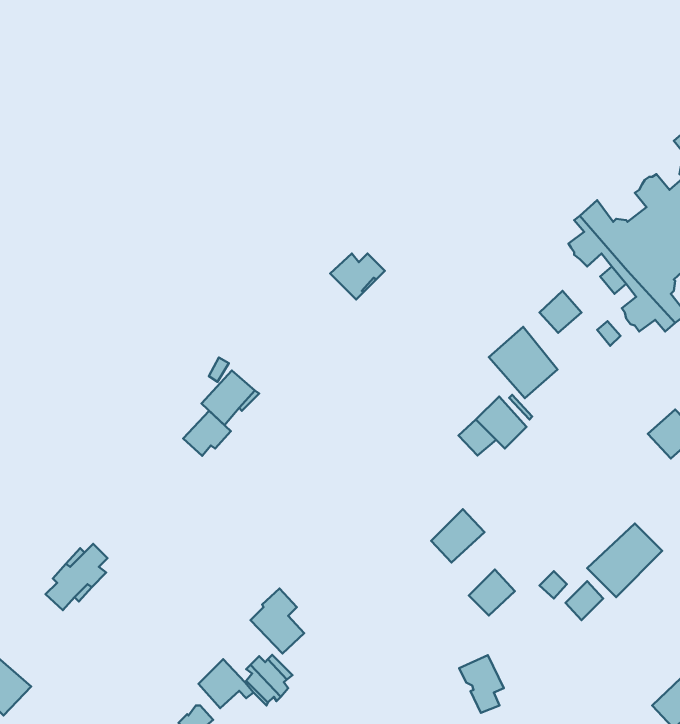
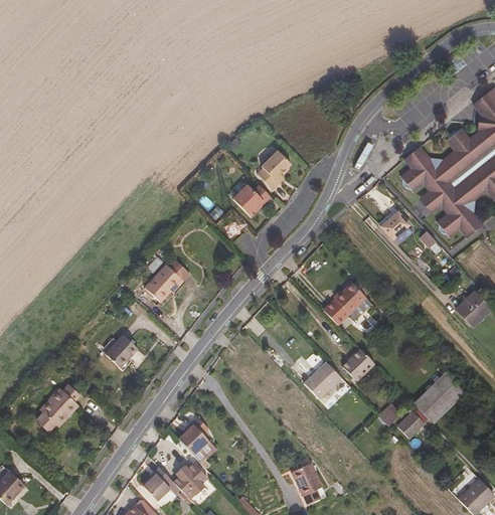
building: none -> [259,150,292,188]
building: [489,327,558,398] -> none
building: [183,411,231,456] -> [105,334,138,365]
building: [469,569,515,616] -> [342,348,374,380]
building: [459,655,504,713] -> [291,463,322,503]

